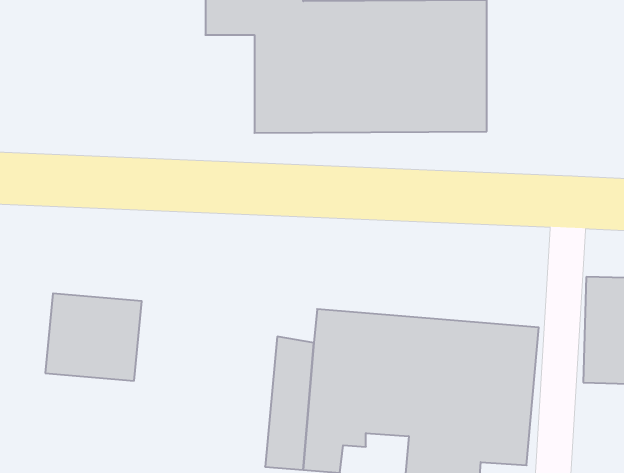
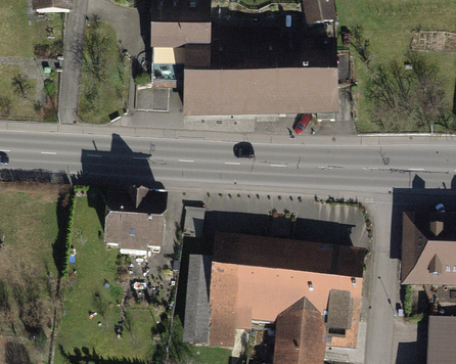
building: [45,293,142,381] -> [107,189,172,247]

